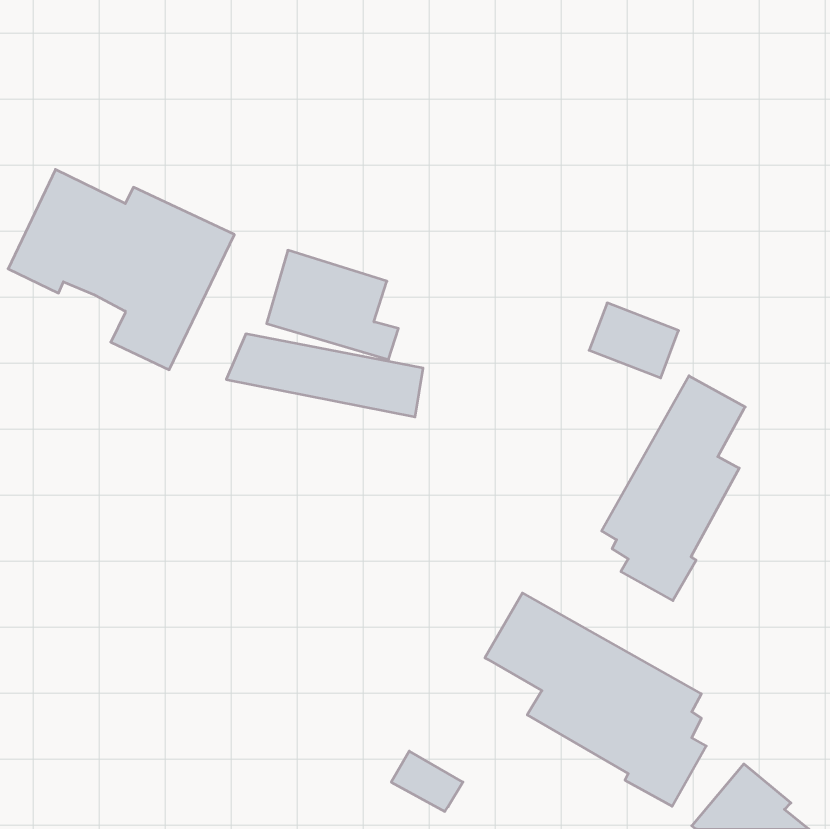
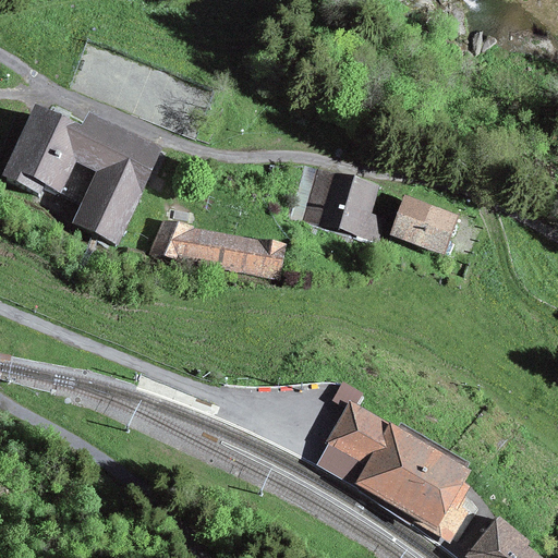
building: [267,250,398,359] -> [291,169,379,242]
building: [602,376,745,601] -> none
building: [391,751,463,811] -> [315,441,363,482]

